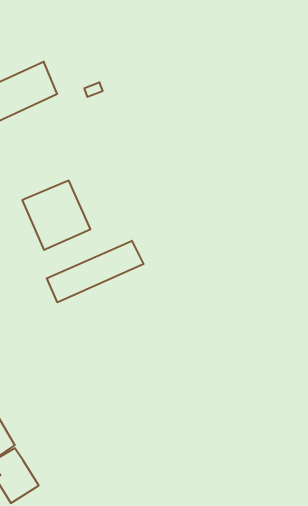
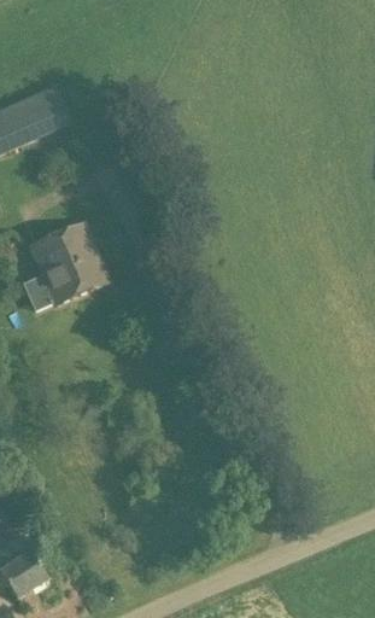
building: [47,241,144,302] -> none

